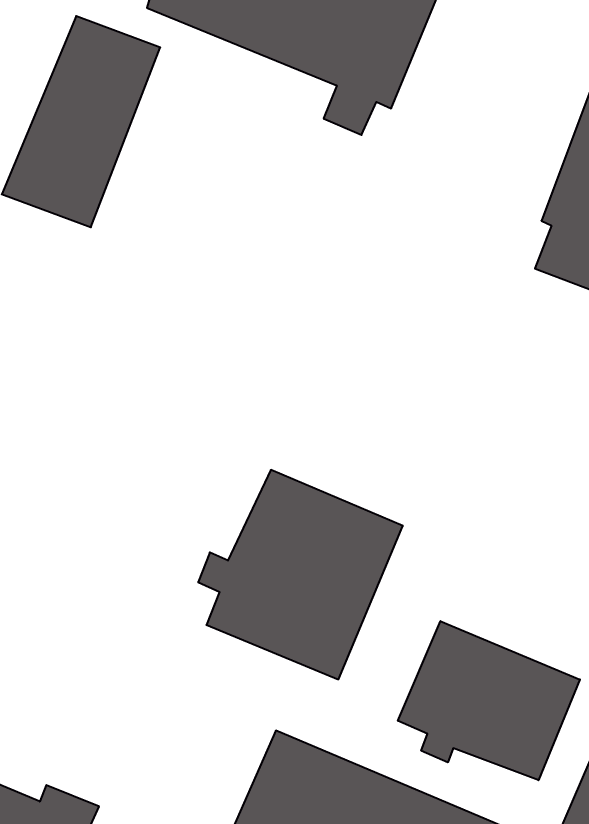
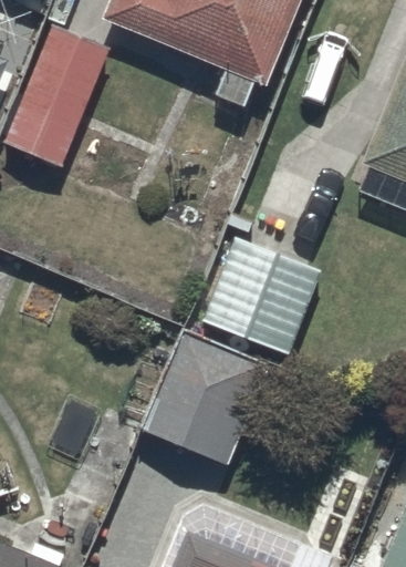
building: none -> [206,239,321,352]
building: [398,621,580,780] -> none

